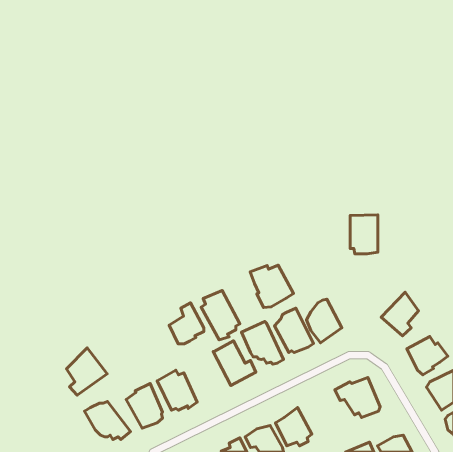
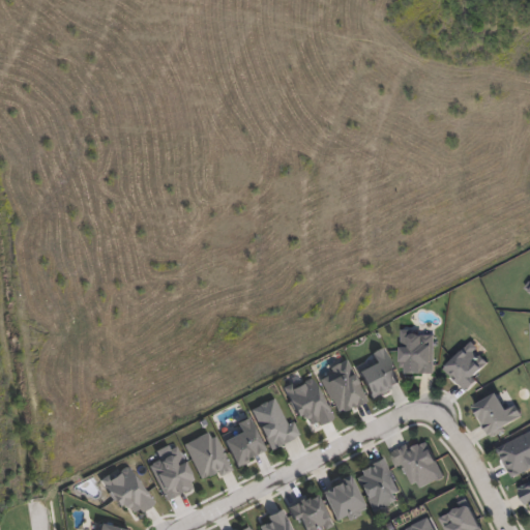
building: [350,215,378,254] -> [403,329,435,375]
building: [250,265,294,307] -> none
building: [201,290,240,340] -> none
building: [169,303,204,344] -> [224,417,264,465]
building: [66,348,107,395] -> none
building: none -> [357,460,400,511]

